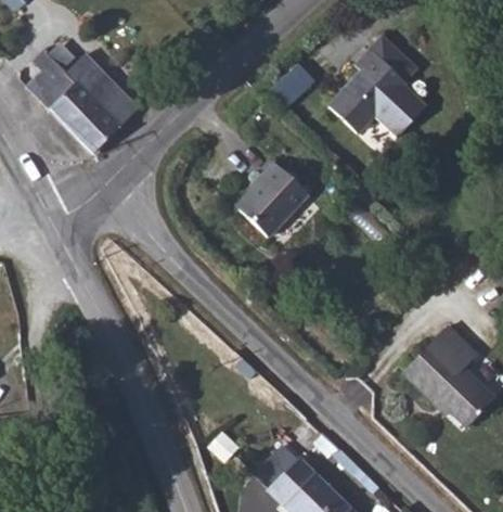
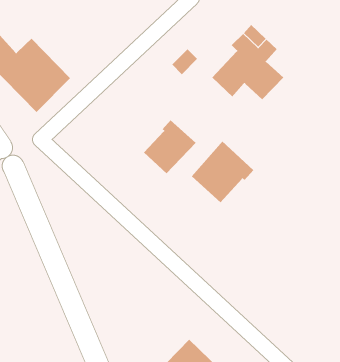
building: none -> [191,141,254,203]
building: [402,324,494,426] -> none

